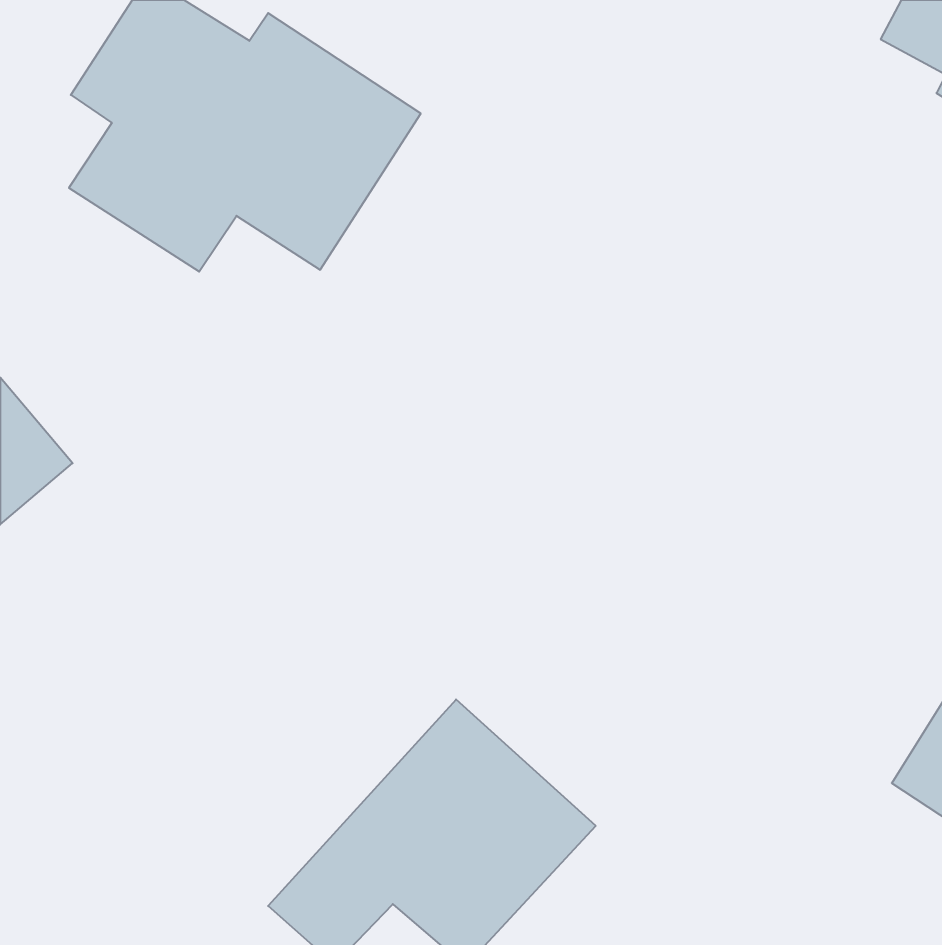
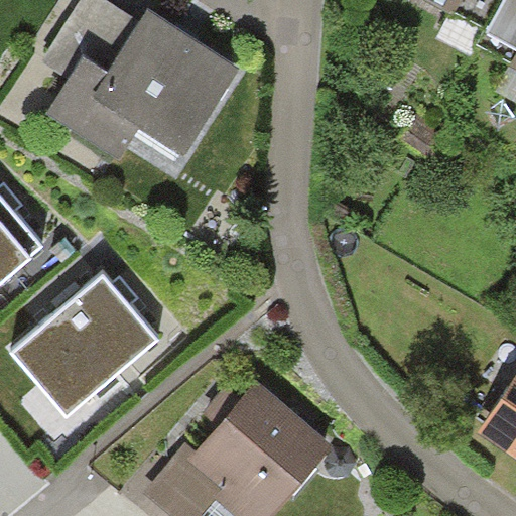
building: none -> [20,285,162,421]

